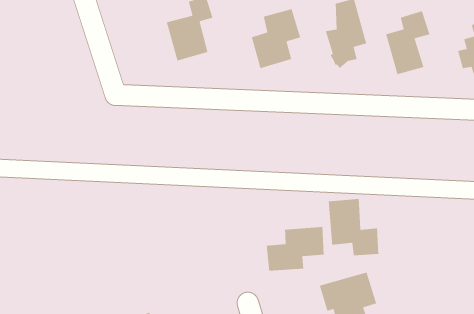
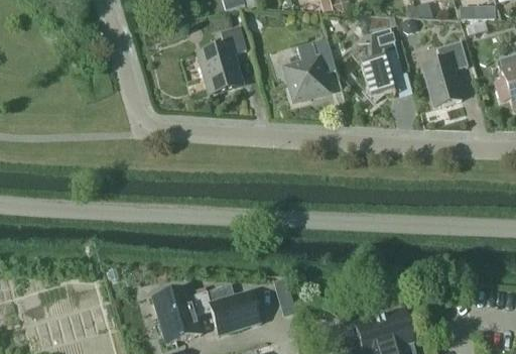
building: [328,198,379,256] -> none
building: [266,226,324,271] -> none
building: none -> [151,284,260,344]

